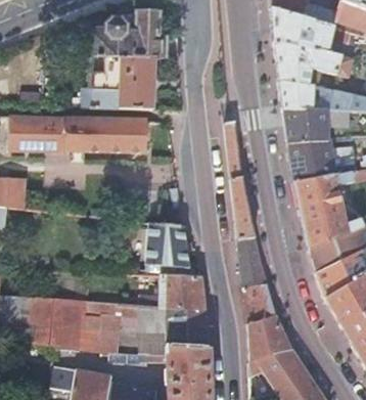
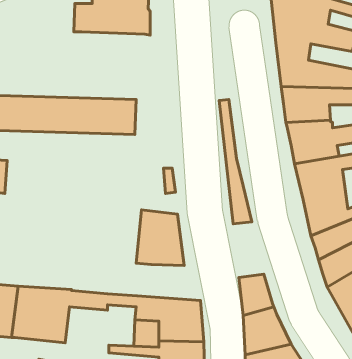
building: [80,57,154,110] -> none
building: [237,235,266,287] -> none
building: [147,275,207,309] -> none
building: [80,315,120,351] -> none

